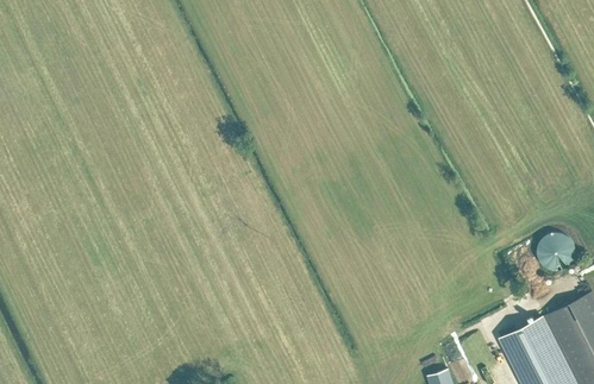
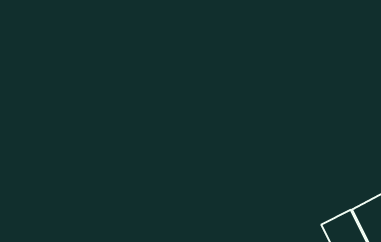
building: [539,233,576,269] -> none

